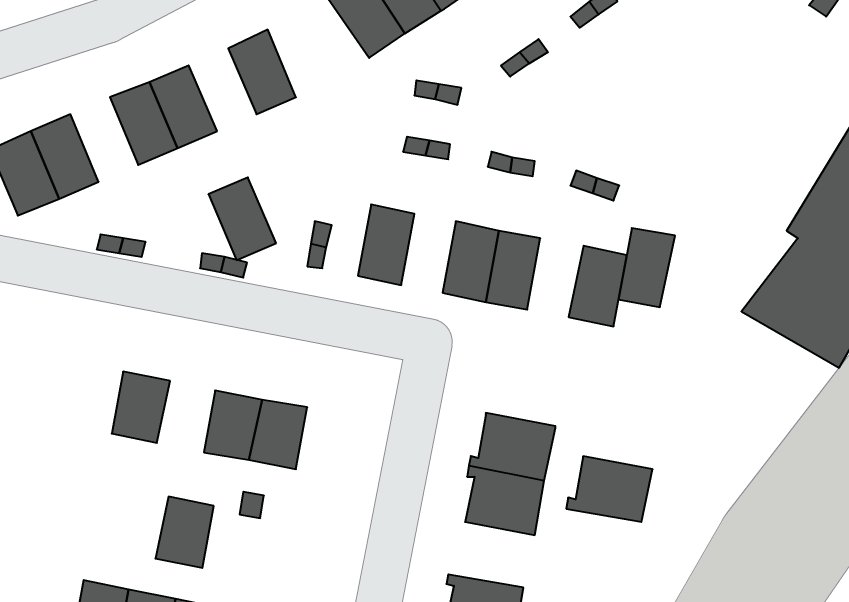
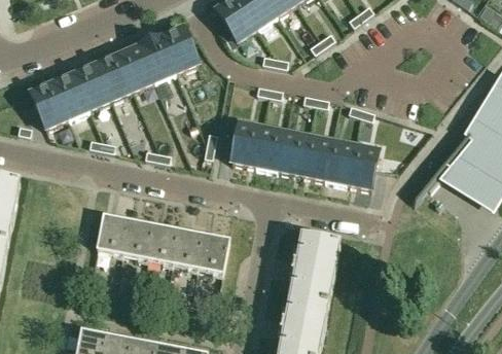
building: none -> [74,63,111,109]
building: [208,177,276,260] -> [139,36,176,81]
building: none -> [255,127,285,170]
building: [619,228,675,307] -> [324,140,355,183]
building: none -> [198,233,229,272]
building: [566,456,653,522] -> [281,295,328,331]
building: [155,497,214,568] -> [121,218,153,257]

